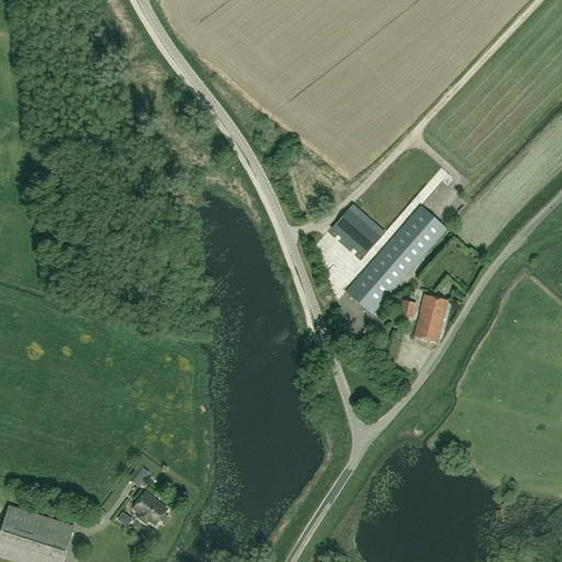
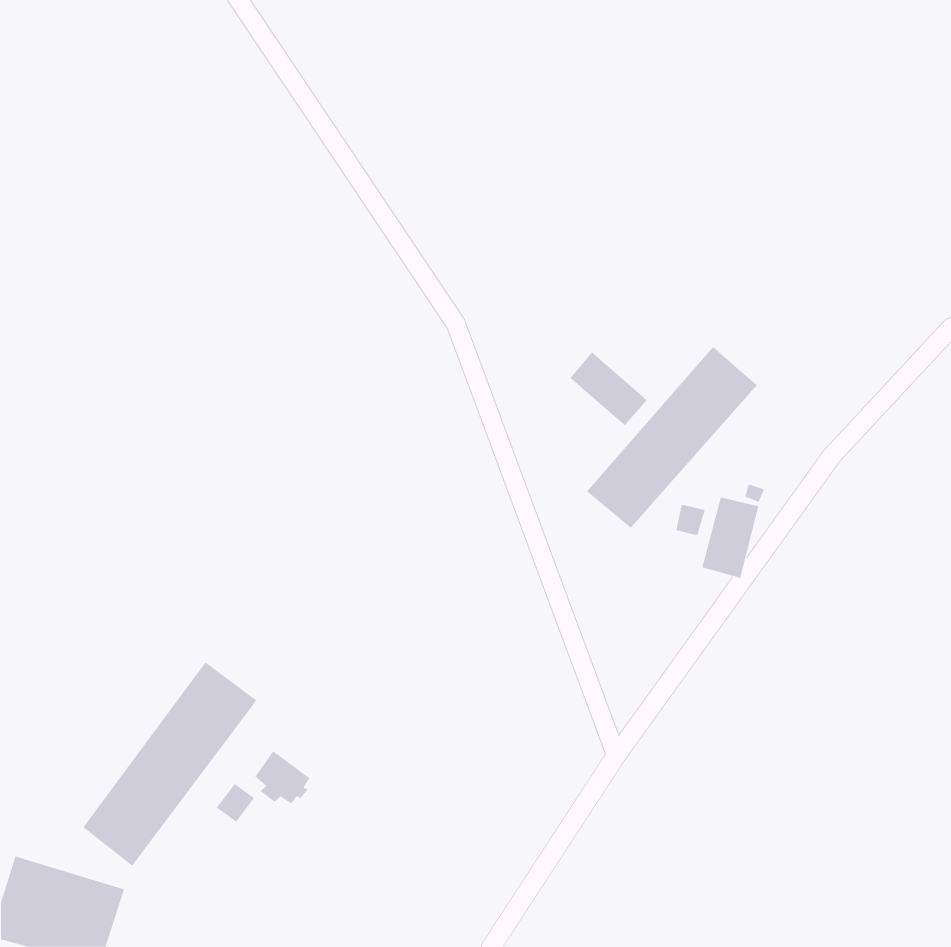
building: none -> [83,661,257,866]
building: [134,491,167,522] -> [254,750,310,804]

